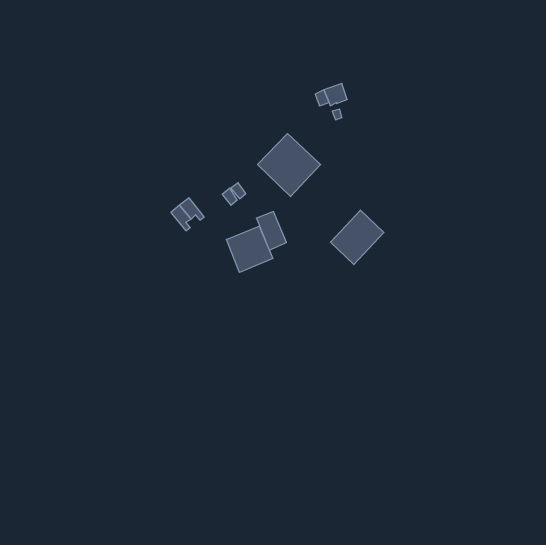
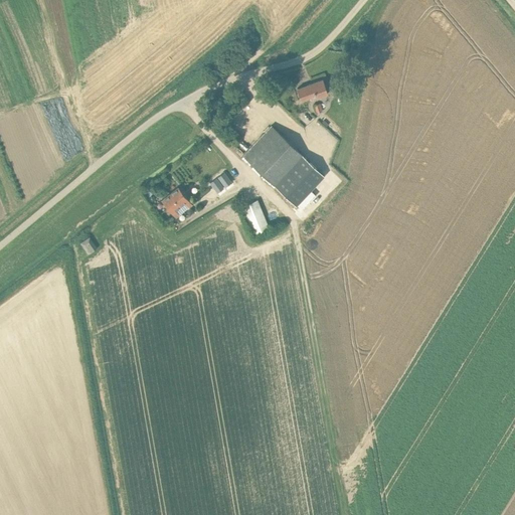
building: [330,210,384,265] -> [274,156,324,207]
building: [226,226,273,272] -> none

